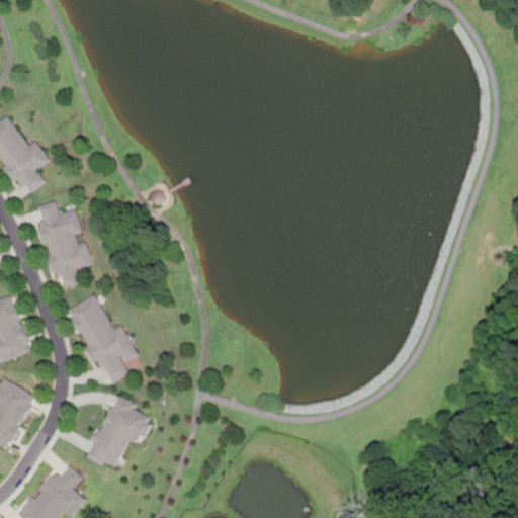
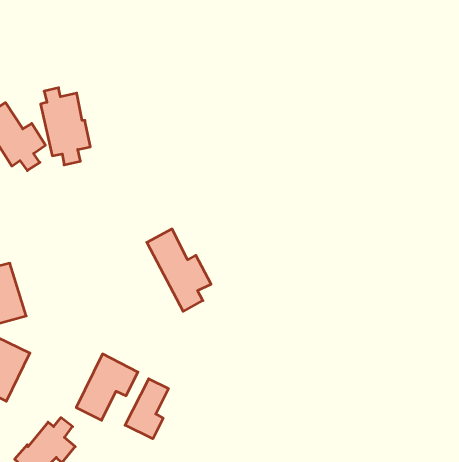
building: [35,201,91,287] -> [41,88,90,165]
building: [66,294,138,386] -> [147,229,211,311]
building: none -> [125,379,168,439]

